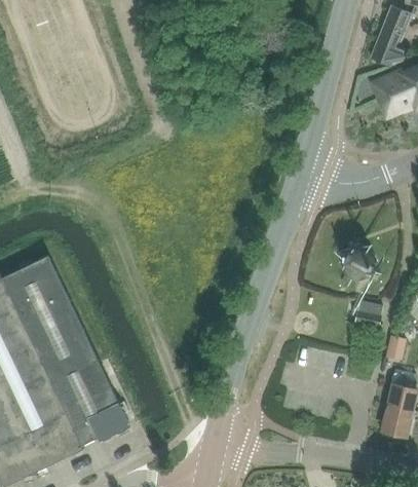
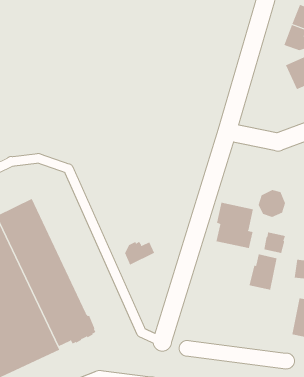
building: none -> [216,202,253,249]
building: none -> [124,241,155,265]
building: none -> [249,253,277,290]

